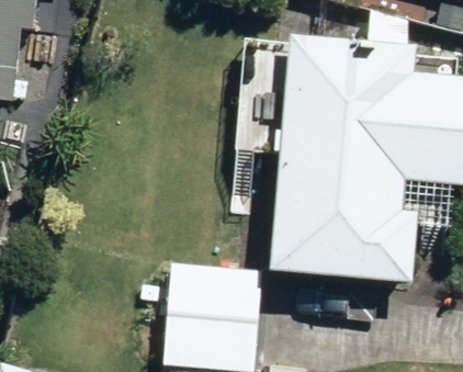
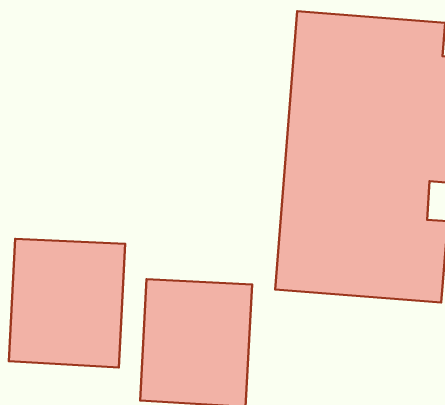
building: none -> [9,239,125,367]

